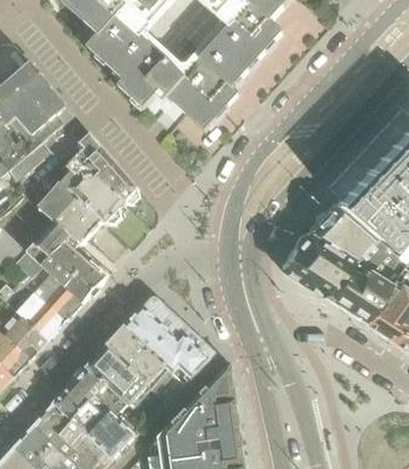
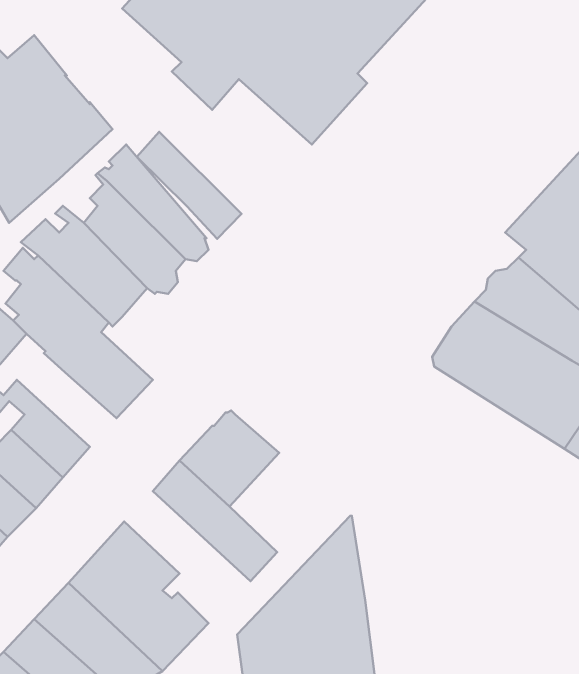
building: none -> [137,132,241,239]
building: [16,249,83,319] -> none
building: [153,323,215,385] -> none
building: [87,347,166,421] -> none

